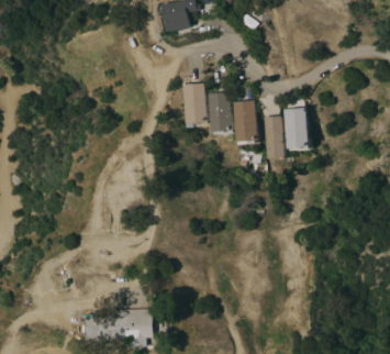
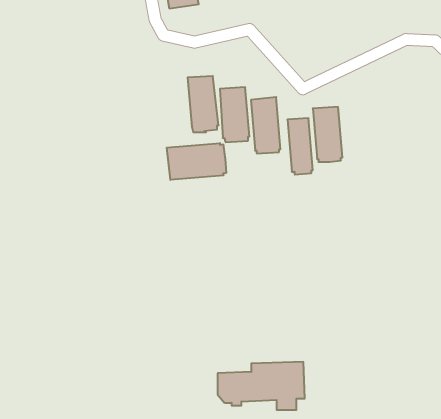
building: none -> [167,143,226,180]
building: [86,309,154,346] -> [218,362,305,410]

